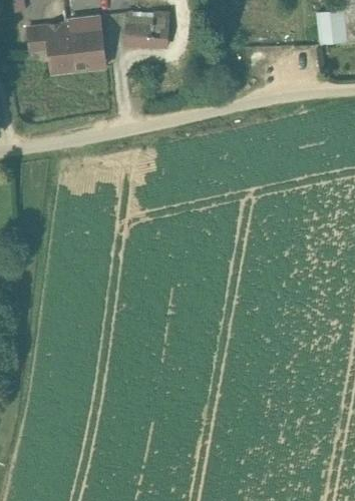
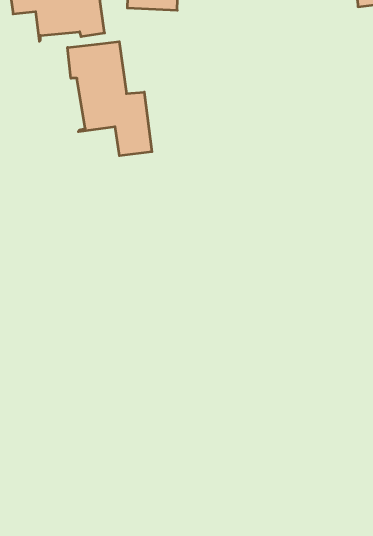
building: none -> [68,42,152,156]

